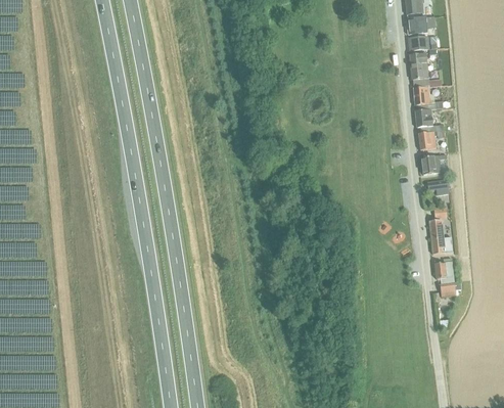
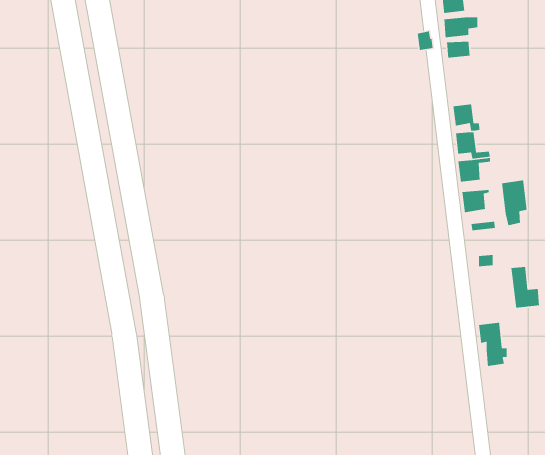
building: [409,53,428,86] -> none
building: none -> [501,179,527,226]
building: [428,219,452,253] -> [510,266,540,308]

